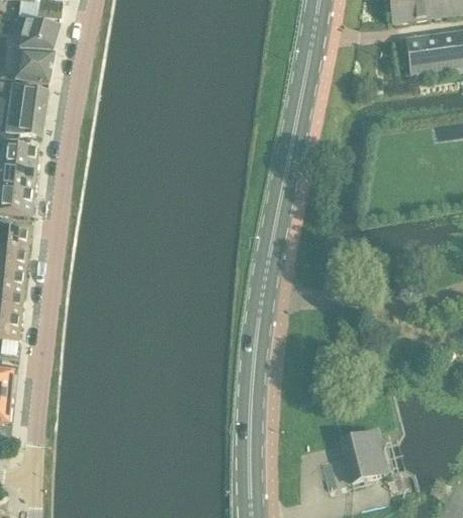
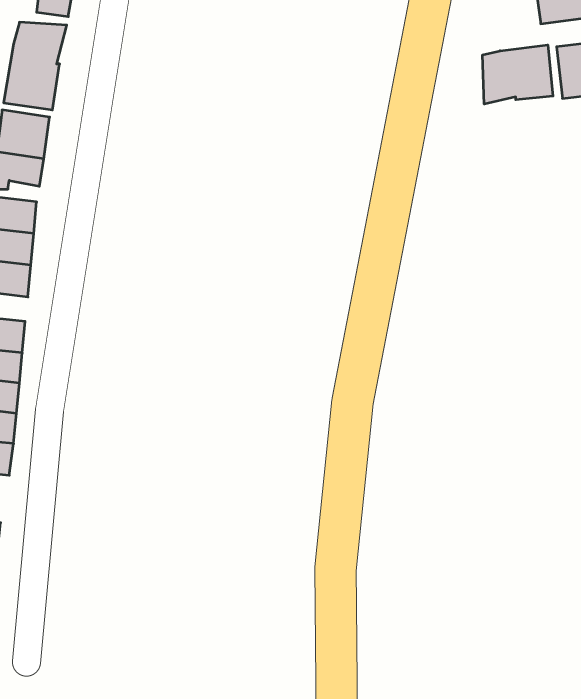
building: none -> [483,45,553,104]
building: [338,429,382,480] -> none

